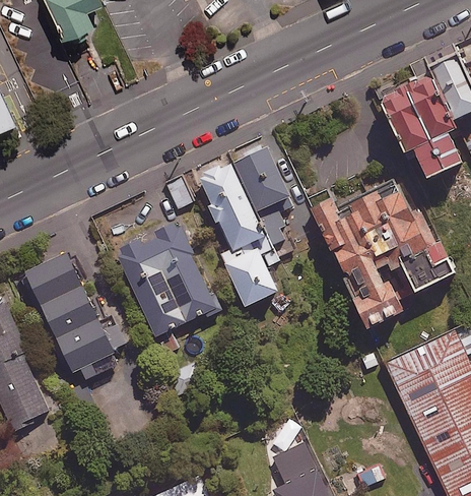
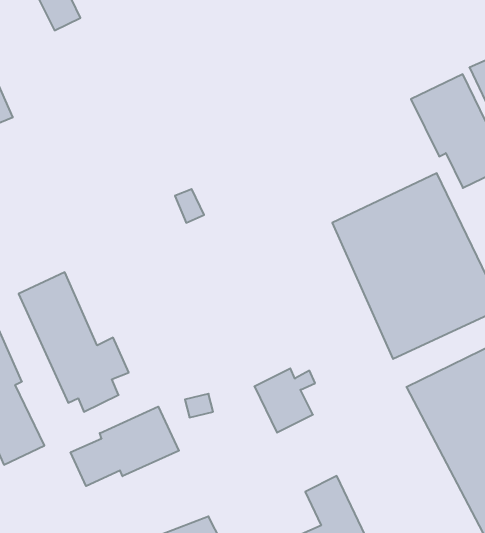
building: [198,149,288,251] -> none
building: [116,222,215,337] -> none
building: [224,249,279,307] -> [254,368,315,433]
building: none -> [71,407,179,486]

